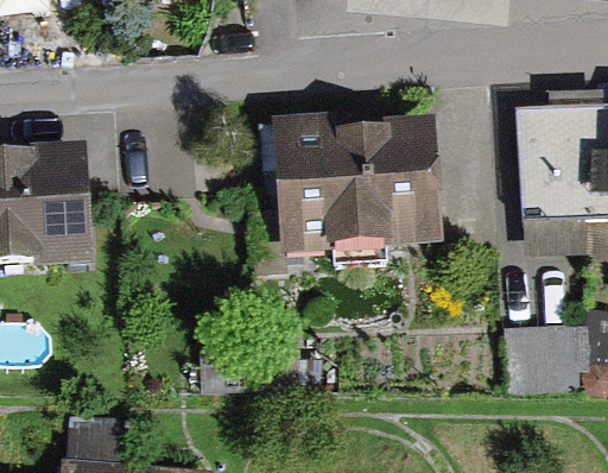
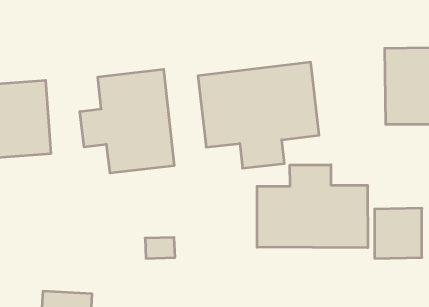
building: none -> [80,69,174,173]
building: none -> [257,165,368,248]

